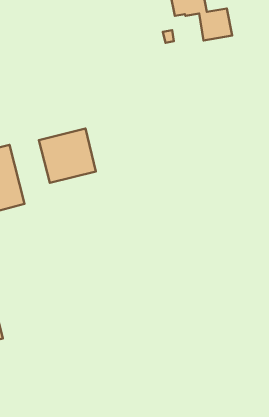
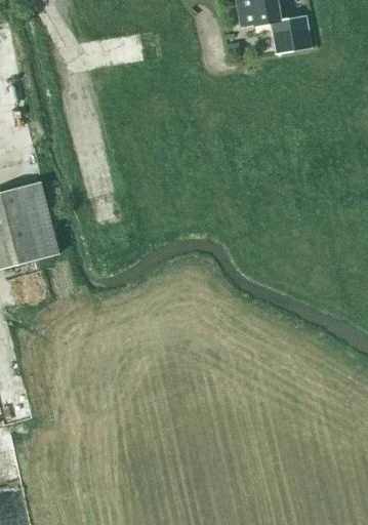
building: [39,128,96,183] -> none

